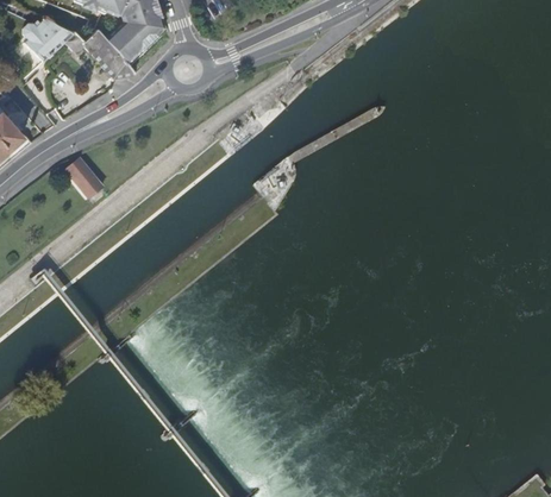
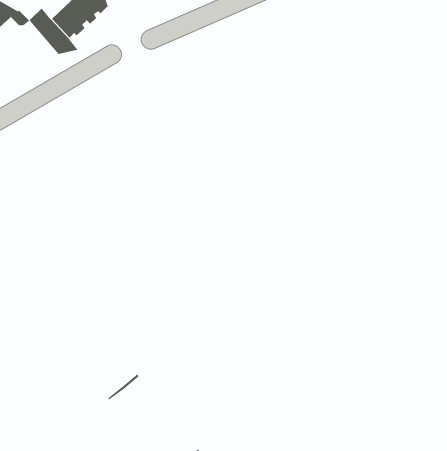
building: [65,156,104,197] -> none

